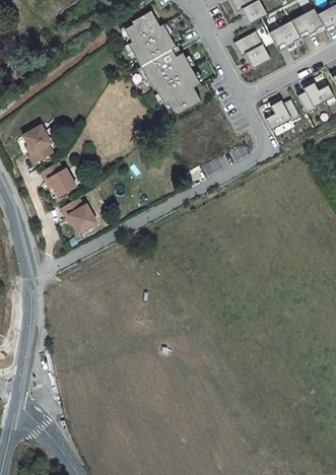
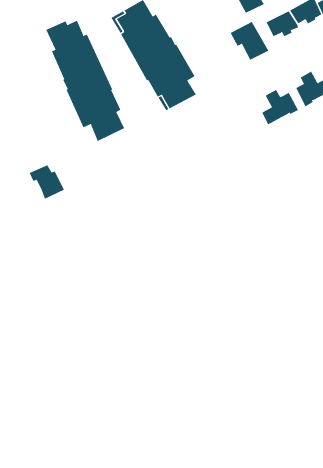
building: none -> [46,20,125,142]
building: [27,129,56,165] -> none
building: [62,204,96,239] -> none

